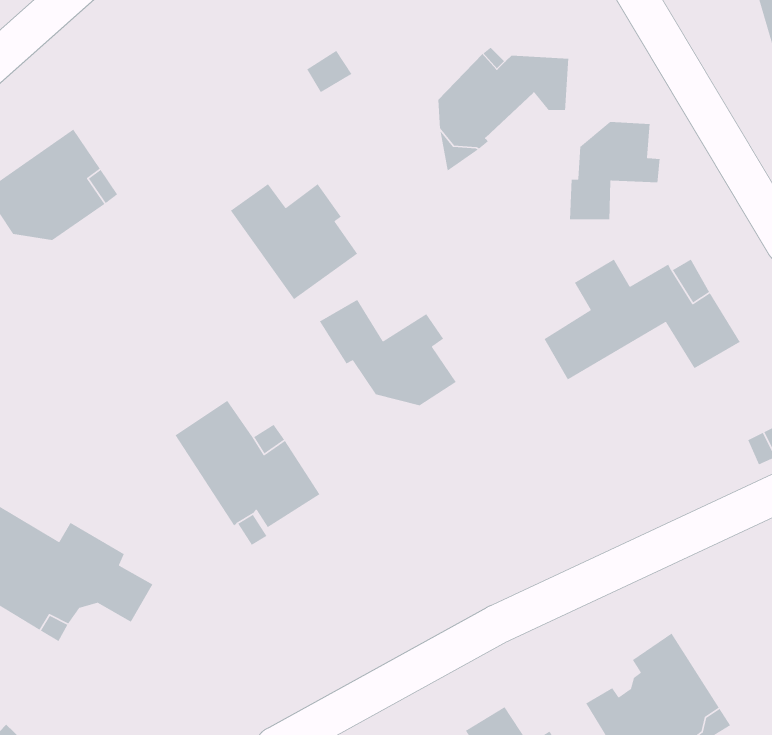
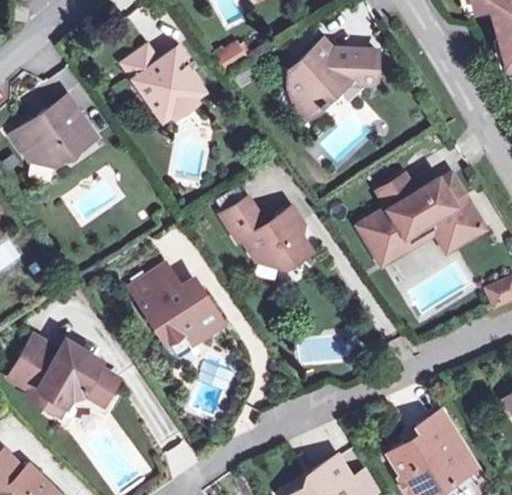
building: [569,121,660,220] -> none
building: [230,183,358,300] -> [123,46,203,119]
building: none -> [376,215,455,262]

